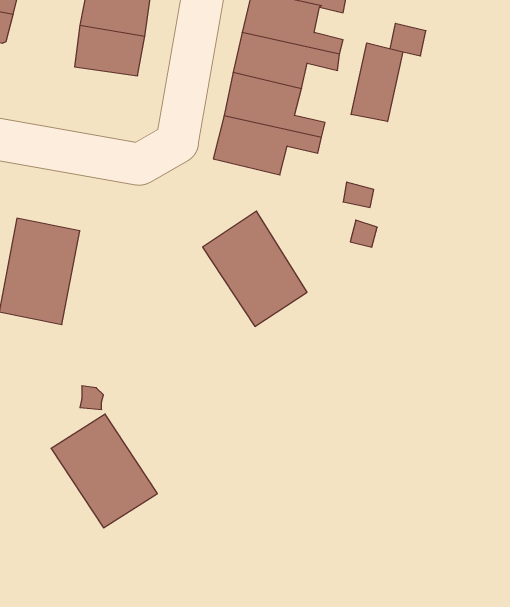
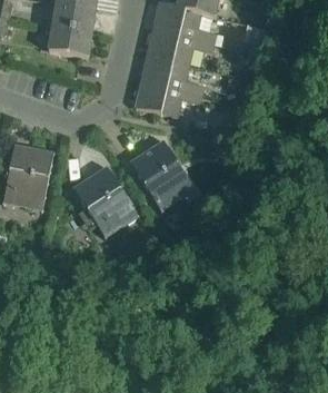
building: [351,43,403,122] -> none
building: [51,414,157,528] -> [72,166,138,236]

